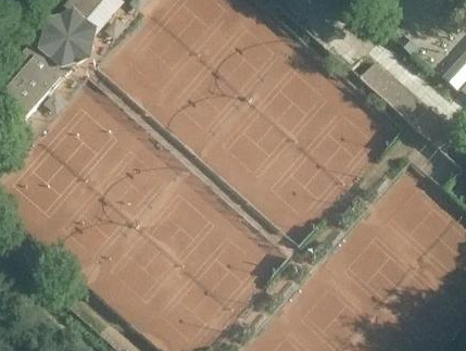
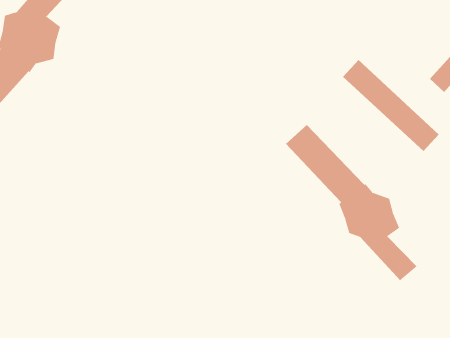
building: none -> [285,124,417,281]

